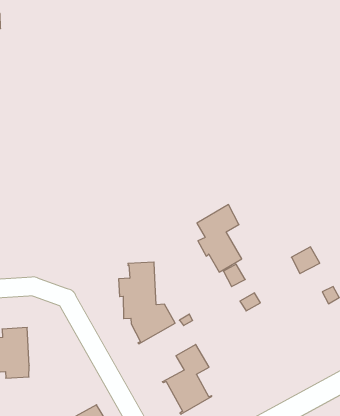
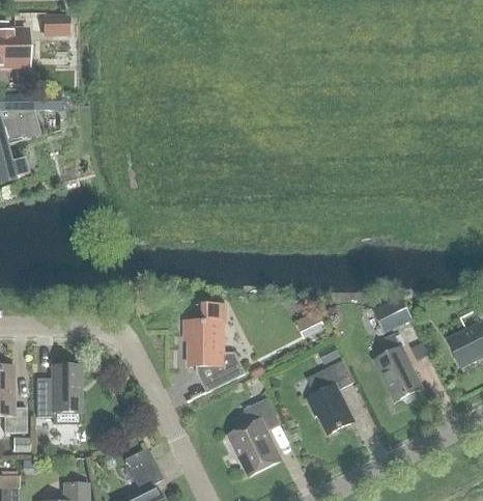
building: [197,205,242,272] -> [306,359,353,434]
building: none -> [374,333,421,399]

